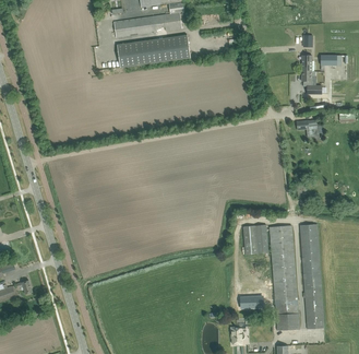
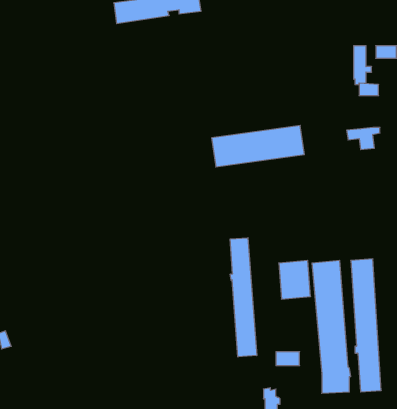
building: [118,36,191,69] -> [212,125,304,167]
building: none -> [230,238,257,357]

